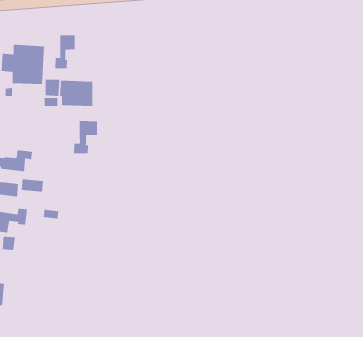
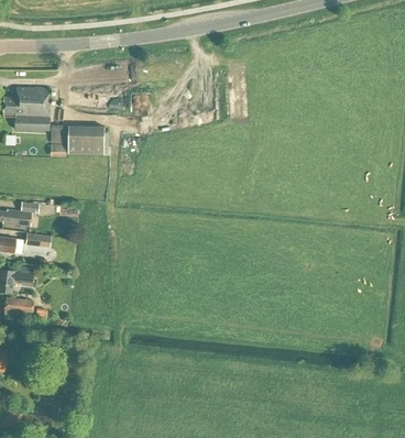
building: [55,34,75,69] -> none
building: [74,120,98,154] -> none

